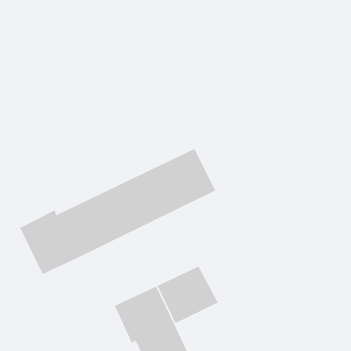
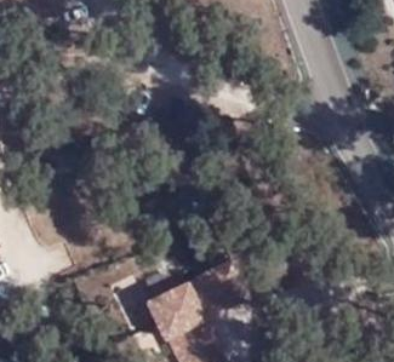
building: [19,148,216,275] -> none

